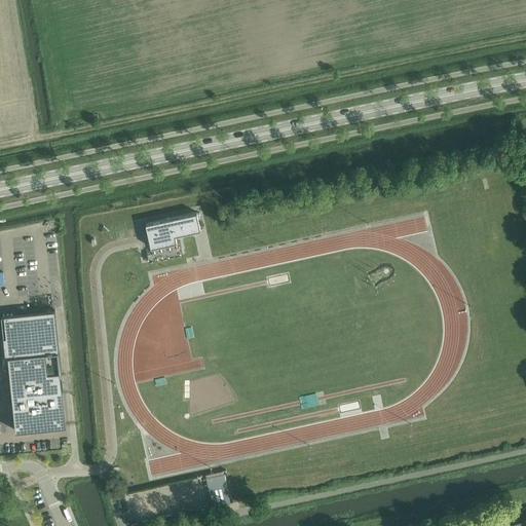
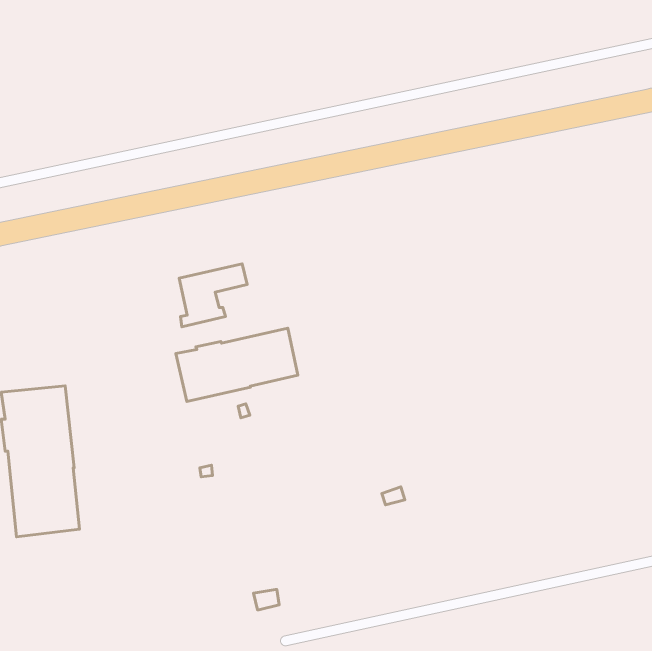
building: none -> [176,328,298,401]

